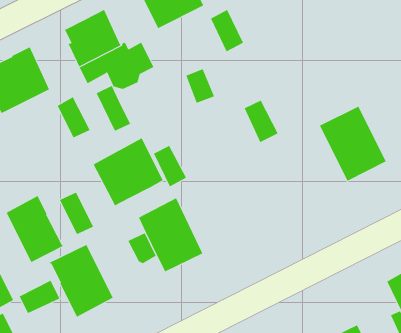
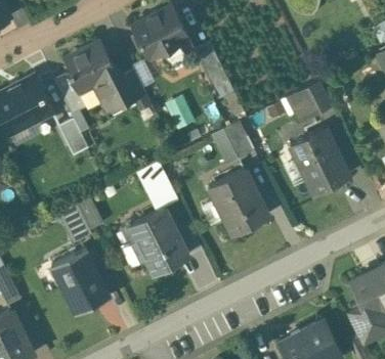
building: none -> [297,82,332,118]
building: [96,85,132,132] -> [54,75,86,116]
building: [93,138,163,206] -> none
building: none -> [209,170,268,235]
building: [6,195,64,263] -> none
building: [19,280,60,314] -> none

